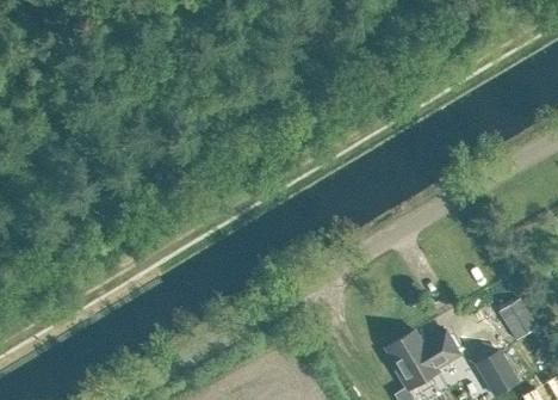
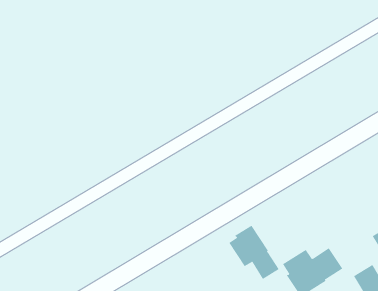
building: none -> [228,225,279,280]

